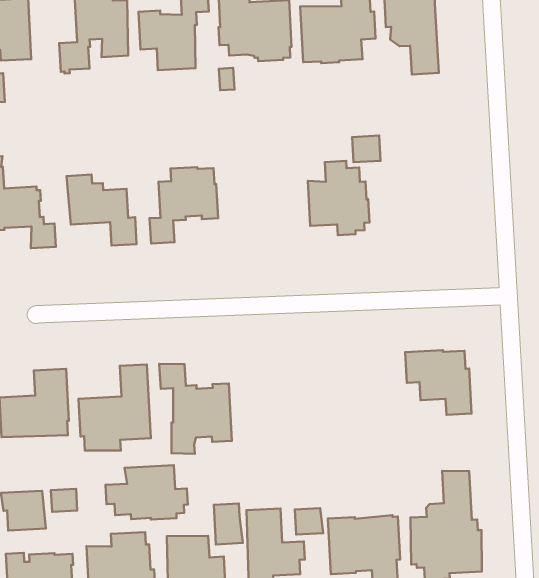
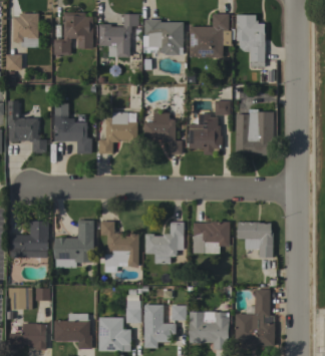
building: none -> [236,111,273,155]
building: none -> [143,112,182,153]
building: none -> [193,222,230,253]
building: none -> [145,222,184,263]
building: [105,465,188,520] -> none

